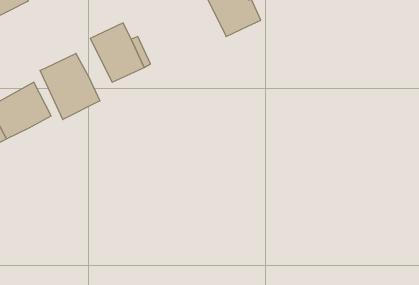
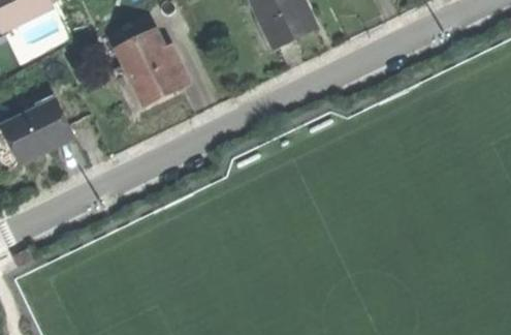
building: [40,53,100,120] -> none

